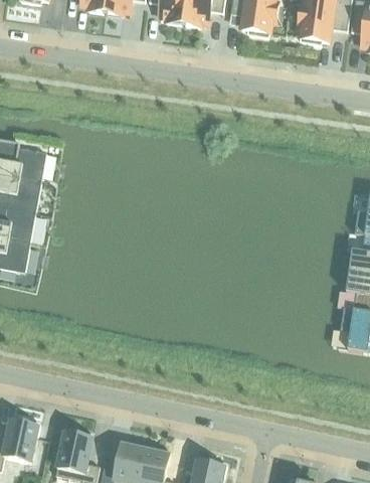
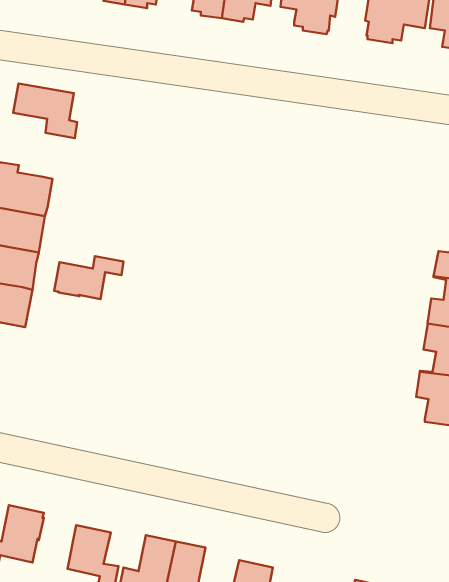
building: none -> [13,83,77,138]
building: none -> [54,256,124,299]

